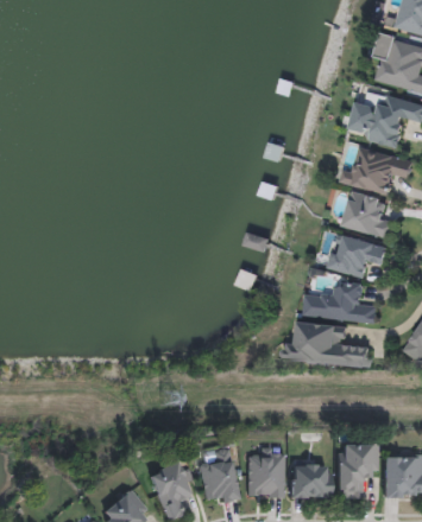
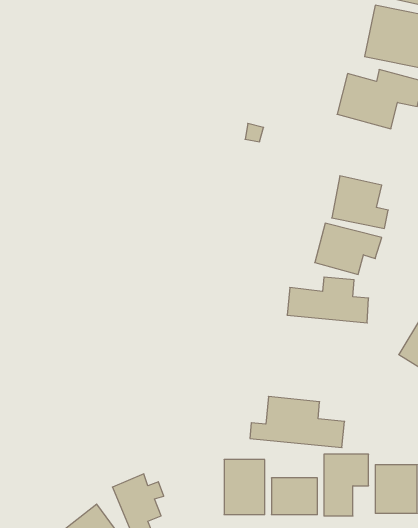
building: [340,148,414,196] -> none
building: [284,322,370,368] -> [250,396,345,448]
building: [197,446,237,504] -> none

